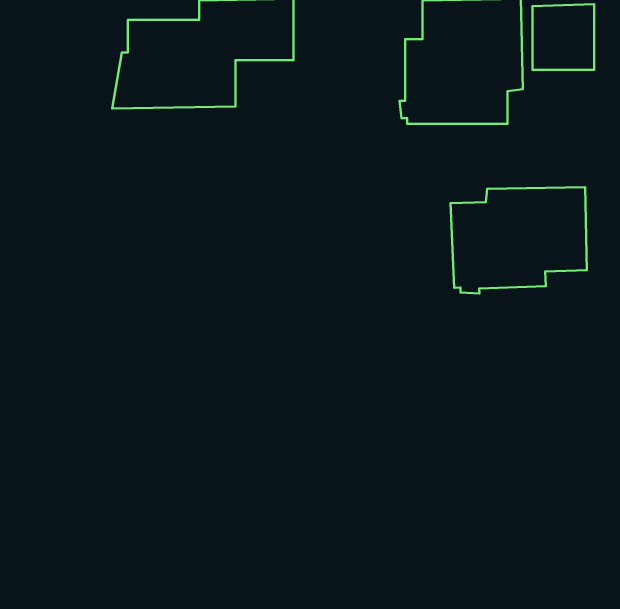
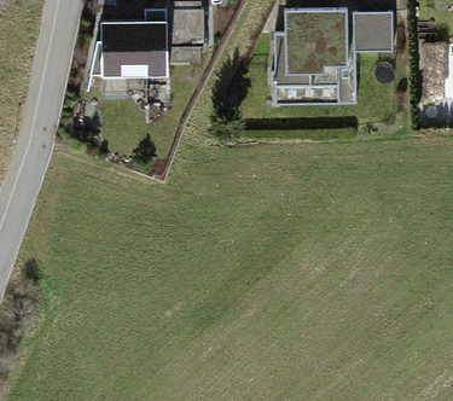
building: [450,187,587,293] -> none

